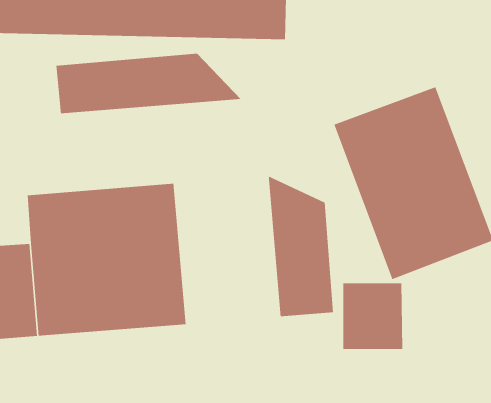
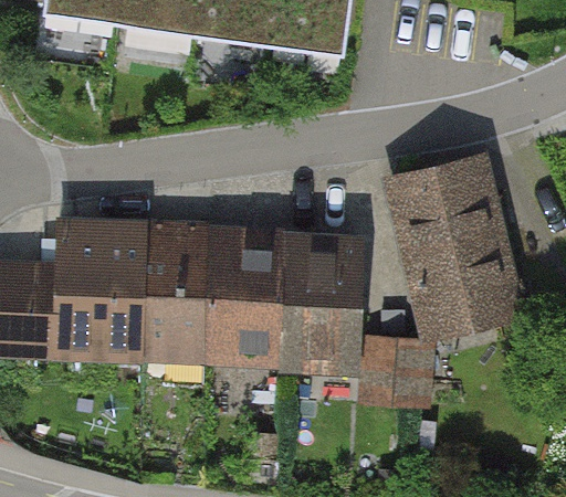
building: [56,53,242,114] -> none
building: none -> [205,219,305,367]

